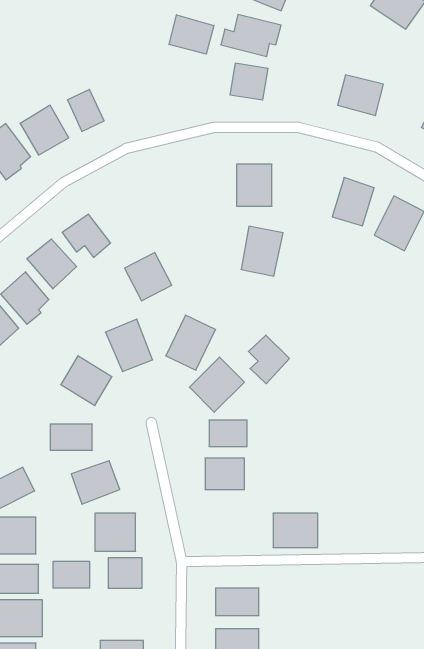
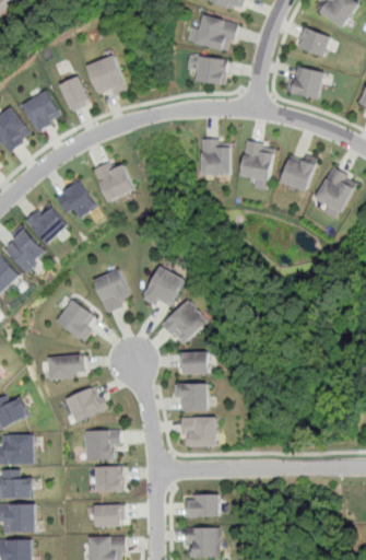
building: [169,15,214,54] -> none
building: none -> [294,25,334,58]
building: none -> [87,56,126,96]
building: [241,226,283,276] -> [240,139,275,180]
building: [125,252,172,301] -> [95,161,134,201]
building: [248,335,289,384] -> none
building: [273,513,318,547] -> [179,418,216,446]
building: [53,562,90,588] -> [93,504,123,526]

